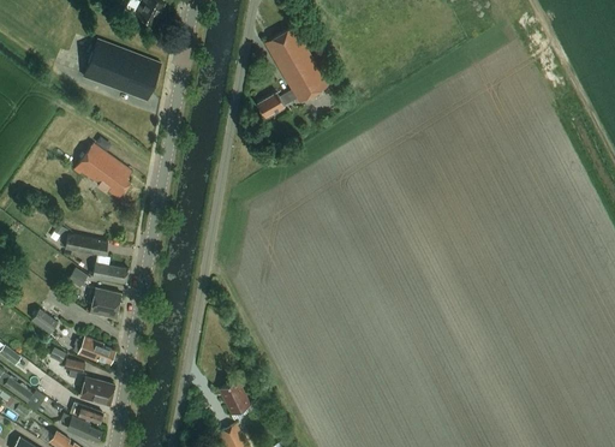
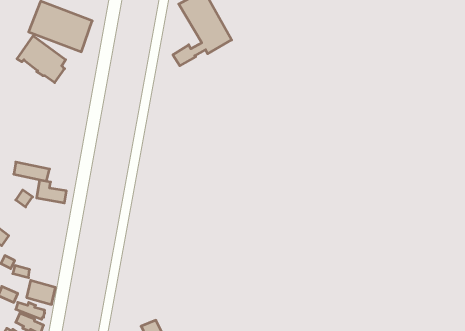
building: [73,143,132,199] -> [17,36,66,83]
building: [90,288,121,320] -> none
building: [78,338,115,364] -> none
building: [219,382,251,415] -> none

